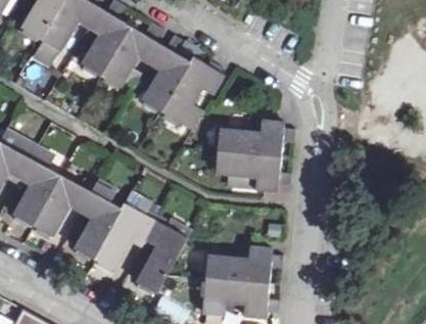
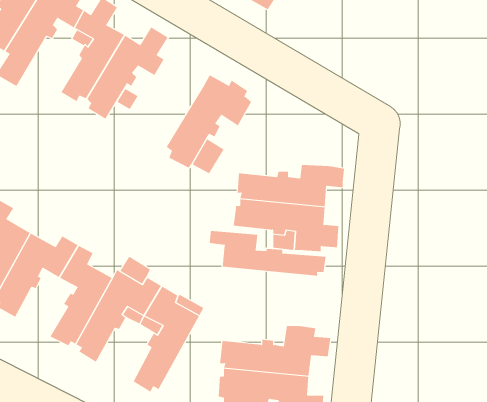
building: [141,36,196,114] -> none
building: none -> [209,230,326,276]

